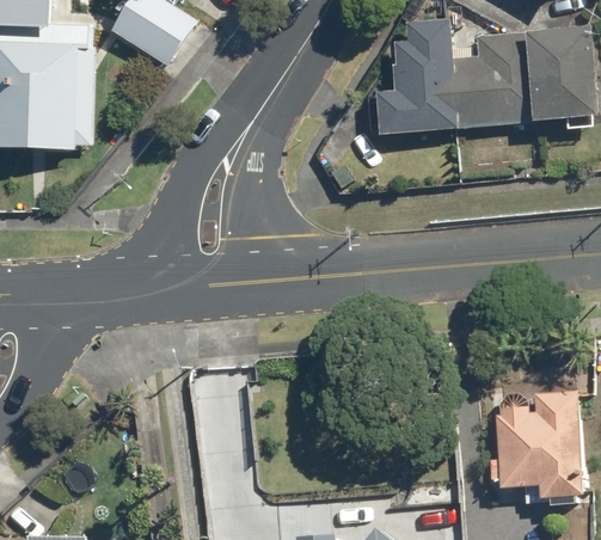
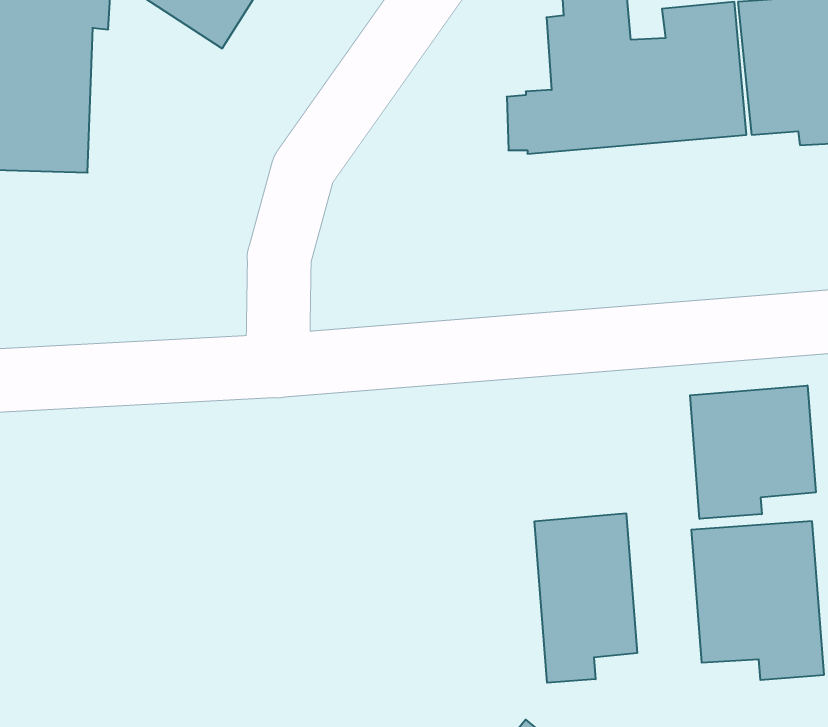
building: none -> [690,385,816,519]
building: none -> [535,513,637,683]

